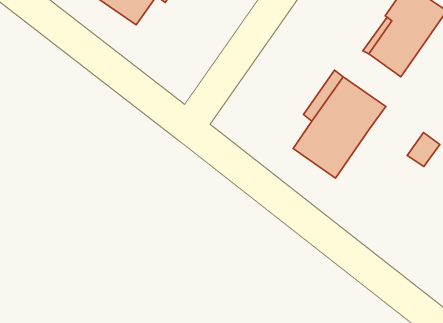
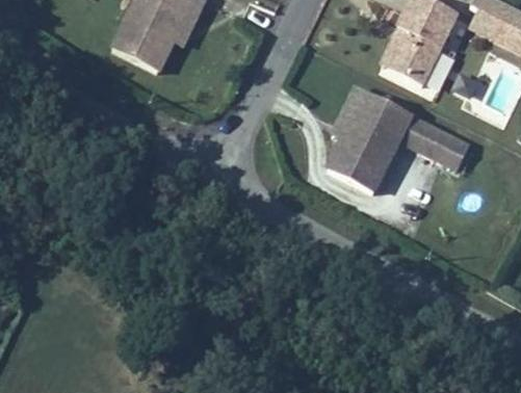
building: none -> [400,115,453,160]

